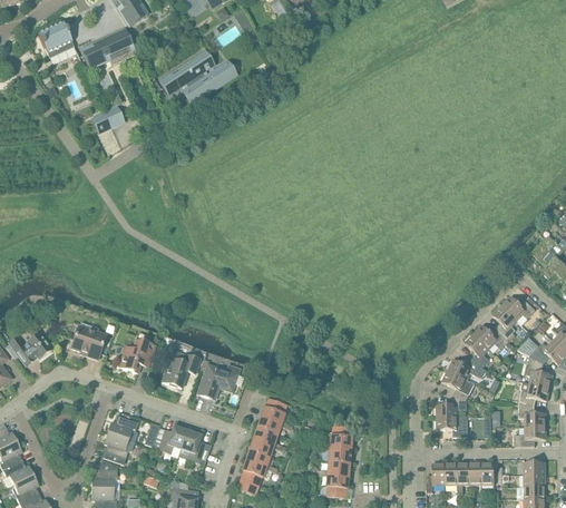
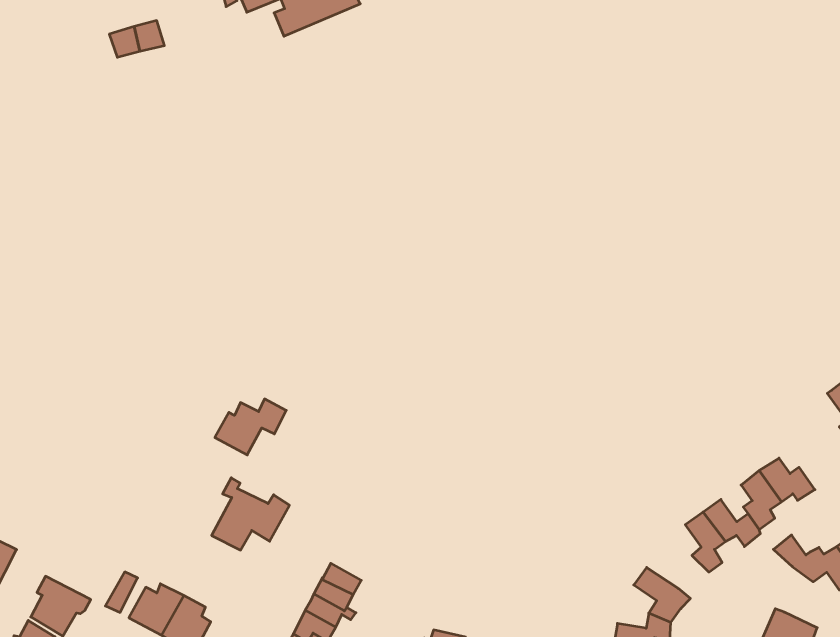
building: [71,325,106,359] -> none
building: [118,339,155,372] -> none
building: [162,354,199,388] -> [215,399,286,455]
building: [525,355,553,388] -> none
building: [447,359,487,379] -> none
building: [107,414,138,441] -> none

